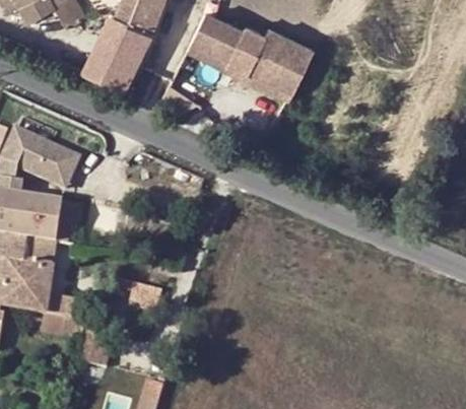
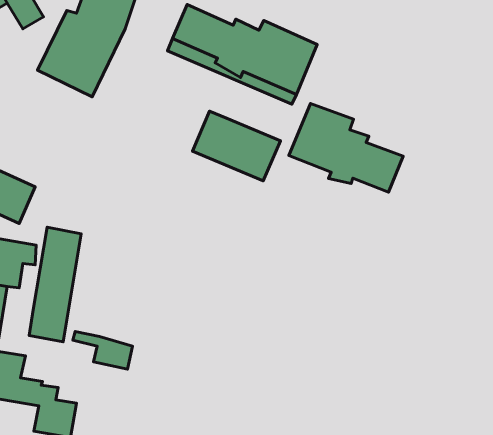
building: none -> [289,104,403,192]
building: none -> [192,111,281,181]
building: none -> [29,227,81,342]

